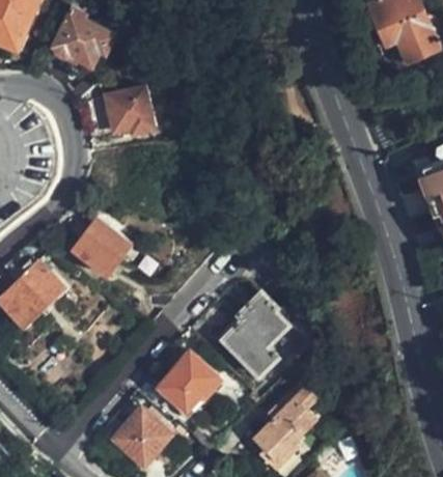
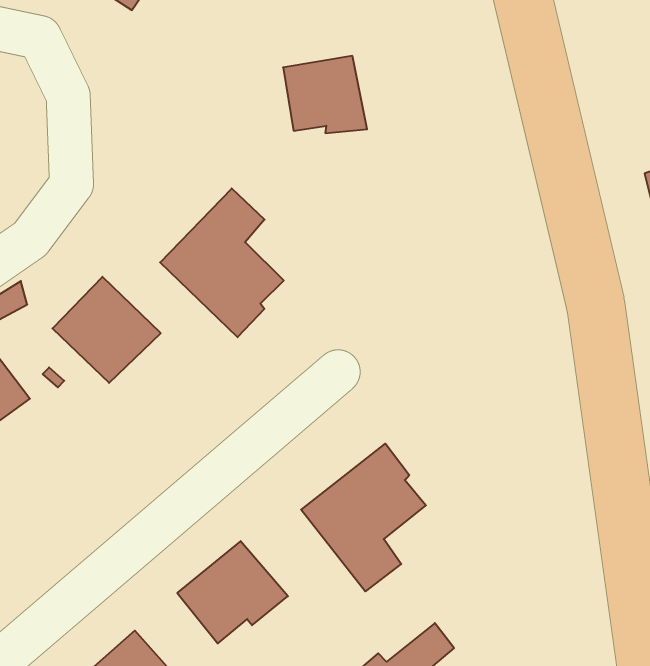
building: [104,88,155,134] -> [283,56,367,133]
building: none -> [160,188,284,337]

